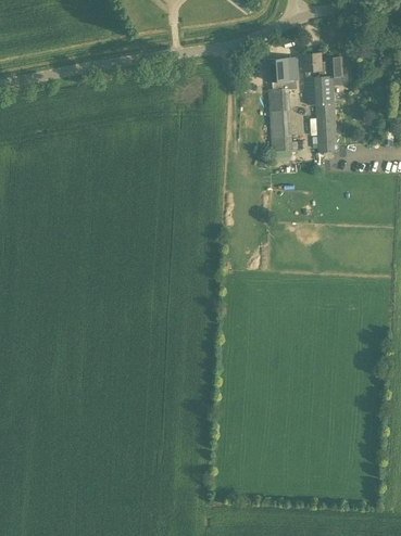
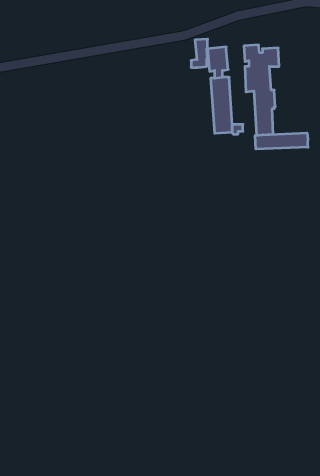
building: [281,58,300,89] -> [191,39,208,67]
building: none -> [255,133,308,149]

